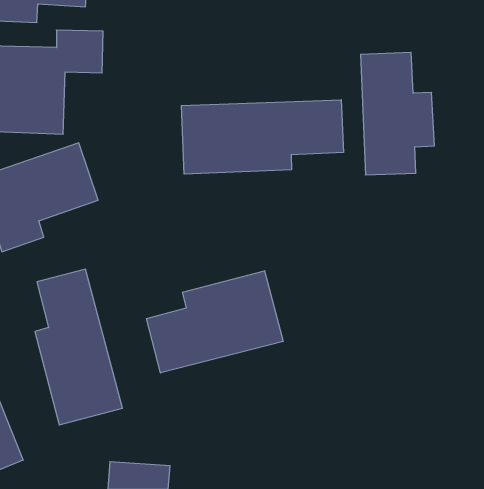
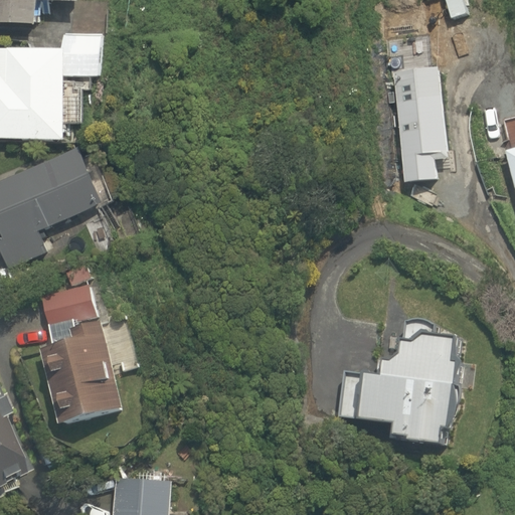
building: [181,100,343,174] -> none
building: [146,271,283,373] -> none
building: none -> [324,315,474,453]

